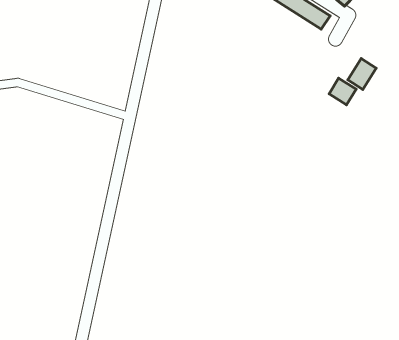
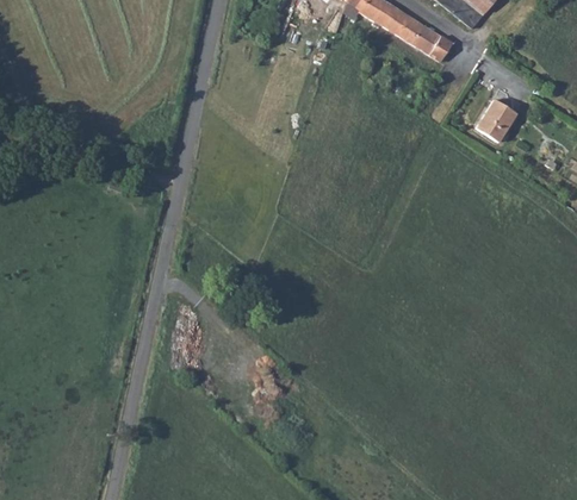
building: [329,78,356,105] -> none

